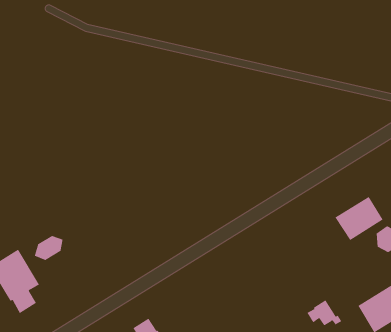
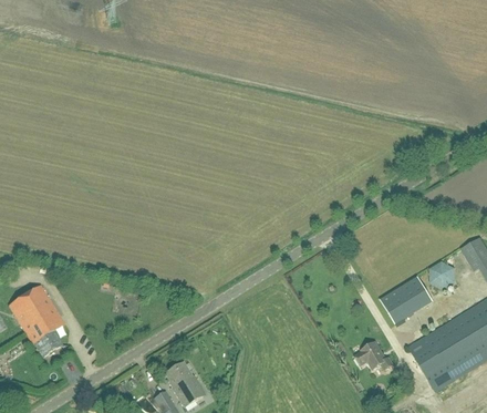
building: [335,196,383,241] -> [380,276,433,324]
building: [34,235,63,261] -> none

